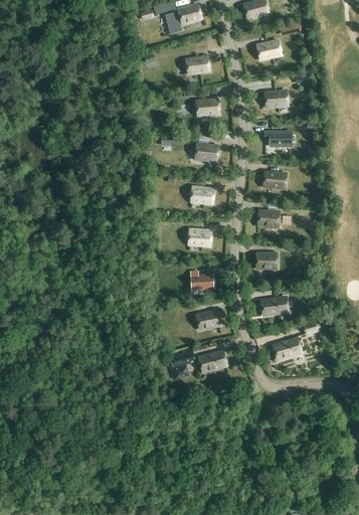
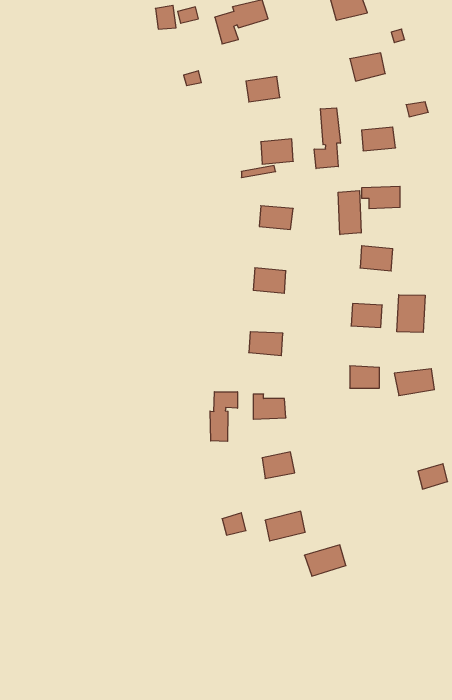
building: none -> [314,108,340,169]
building: none -> [338,191,361,235]
building: none -> [397,295,425,332]
building: none -> [210,392,237,441]
building: [260,296,288,314] -> [394,369,434,396]
building: [273,337,301,358] -> [304,545,346,576]

